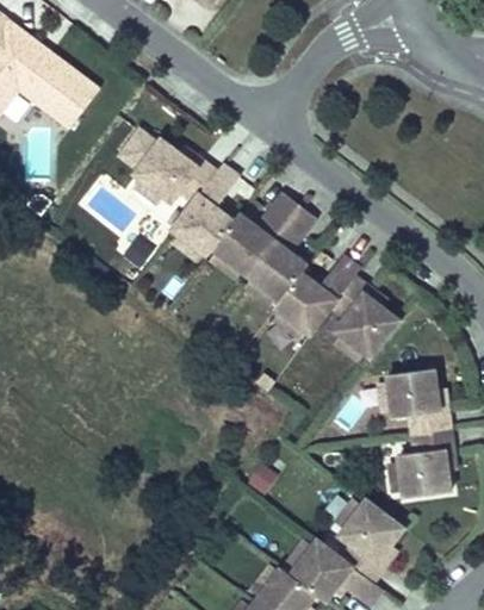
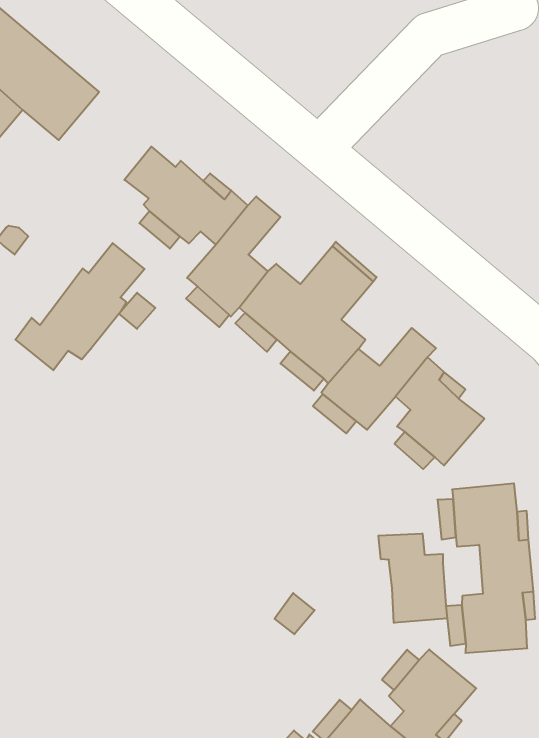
building: none -> [15,243,145,370]
building: none -> [378,533,447,623]

